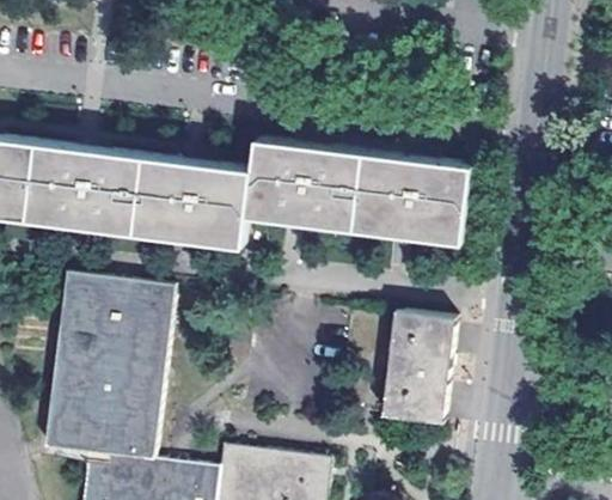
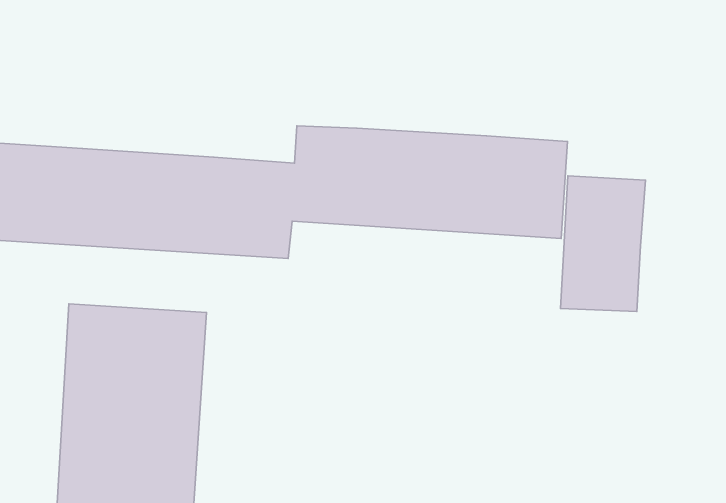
building: [381,312,455,425] -> [561,176,646,312]

